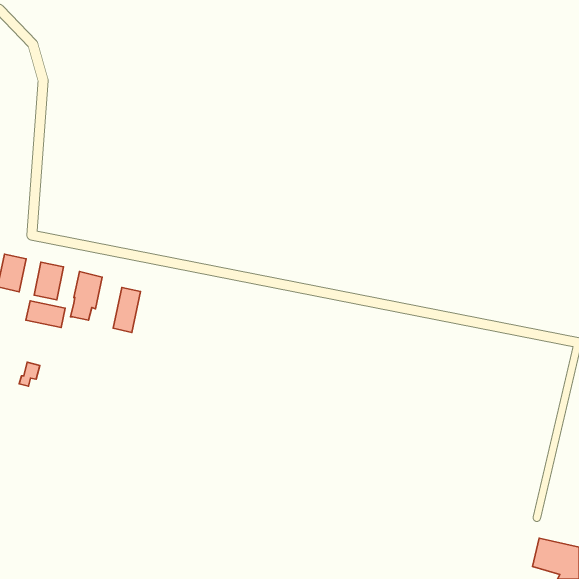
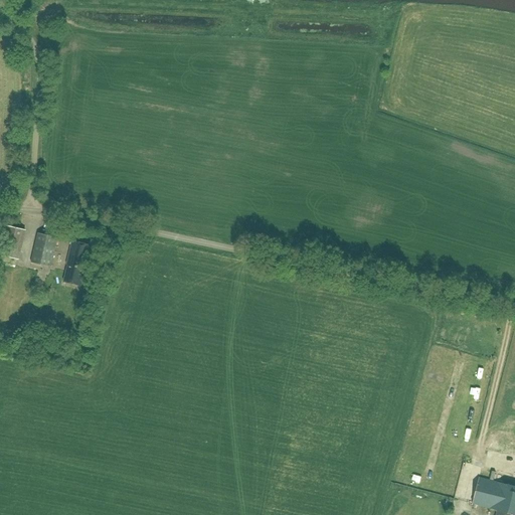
building: [113,287,141,332] -> none
building: [26,301,65,327] -> none

